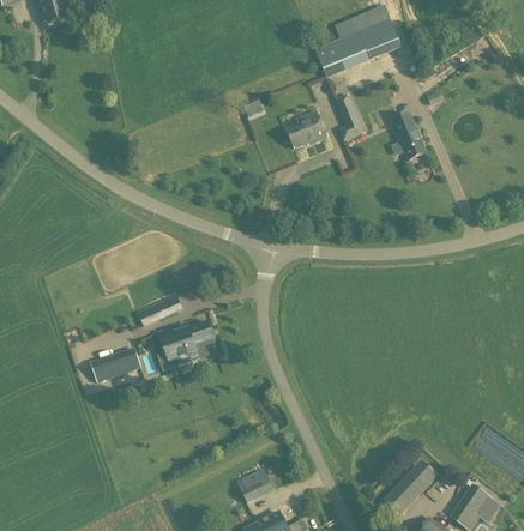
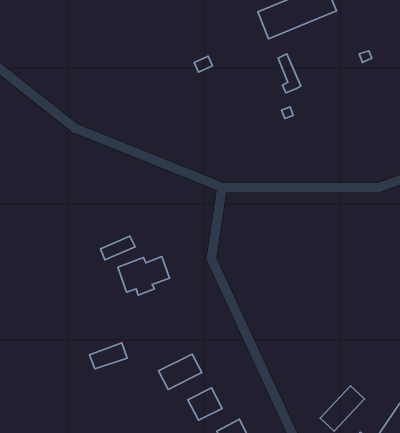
building: [287,110,327,149] -> none
building: [391,110,426,158] -> none
building: [98,346,140,375] -> [90,343,127,369]
building: none -> [159,354,202,389]

